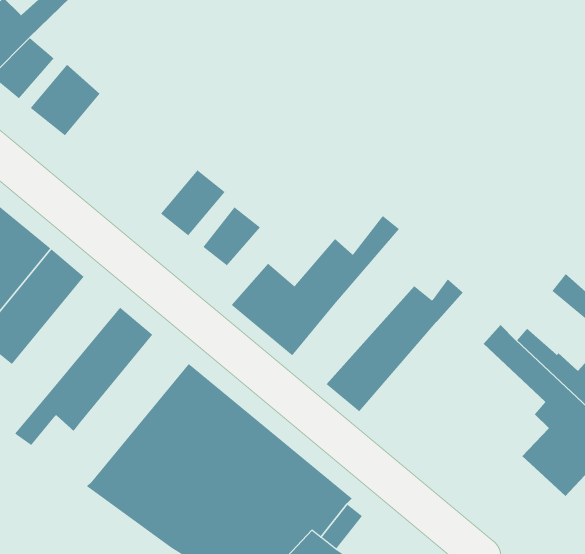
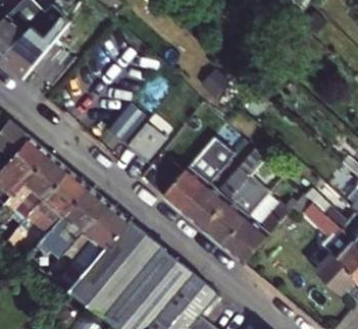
building: none -> [184,149,266,229]
building: none -> [21,167,84,232]
building: none -> [222,194,289,264]
building: none -> [57,201,123,286]

